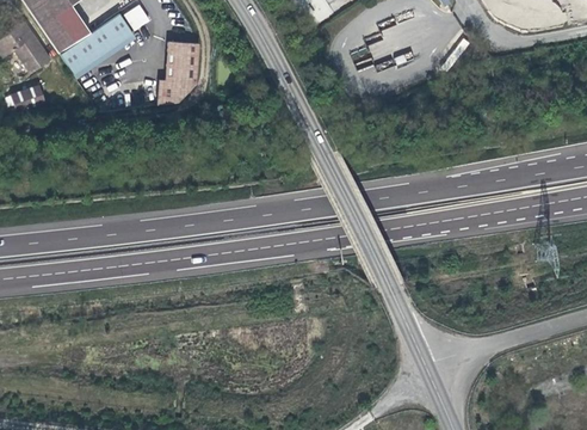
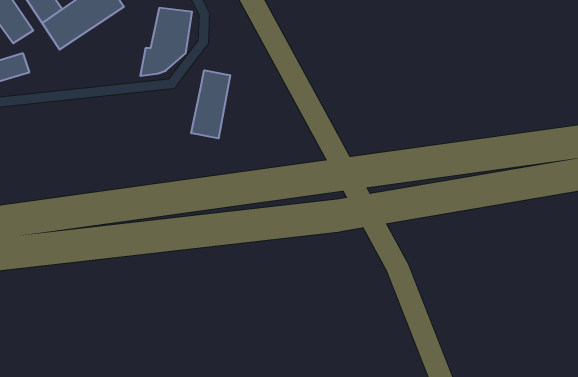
building: none -> [191,70,230,138]

